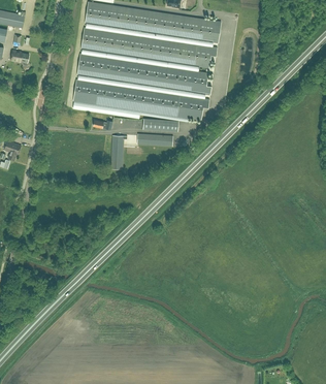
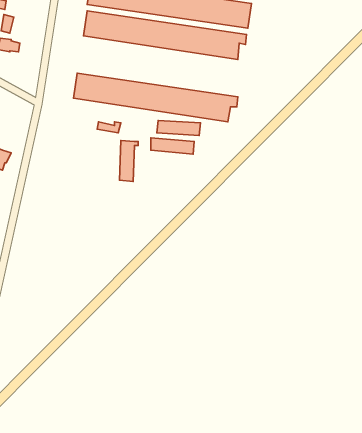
building: [76,54,210,94] -> none

